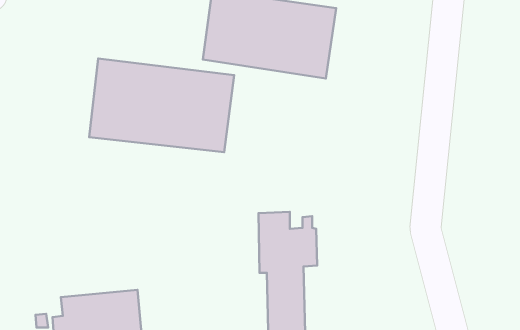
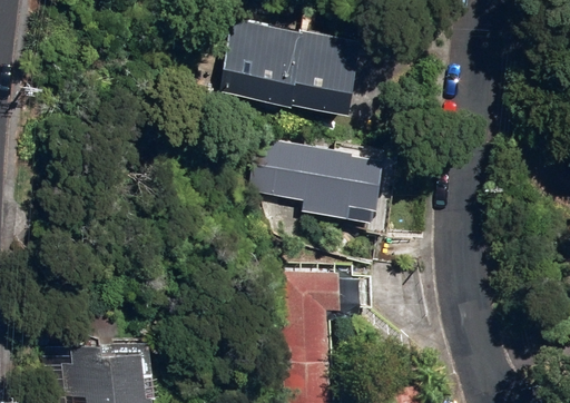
building: [89,59,234,152] -> none
building: none -> [245,141,384,224]

